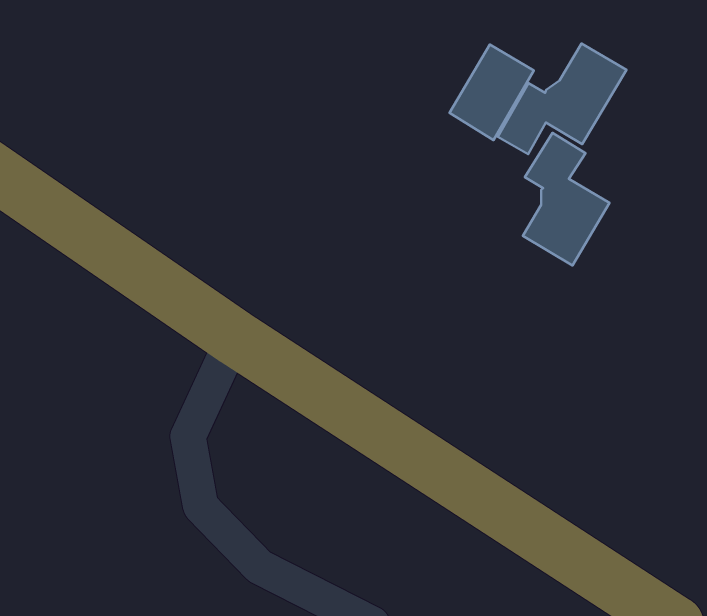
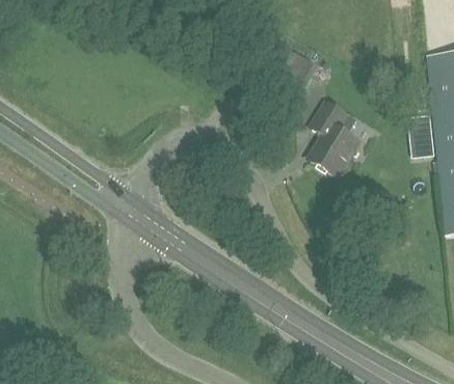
building: [498,43,626,154] -> none

